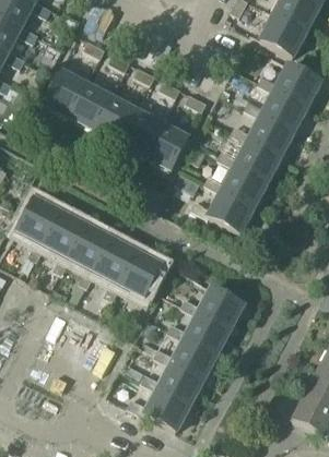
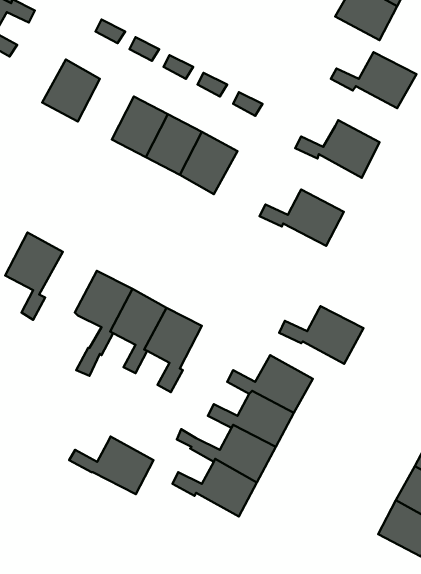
building: [70,82,111,127] -> none
building: [244,87,306,129] -> none
building: [218,137,280,180] -> none
building: [191,189,254,231] -> [279,306,363,364]
building: [42,209,84,273] -> none
building: [127,387,189,430] -> [69,437,154,494]

